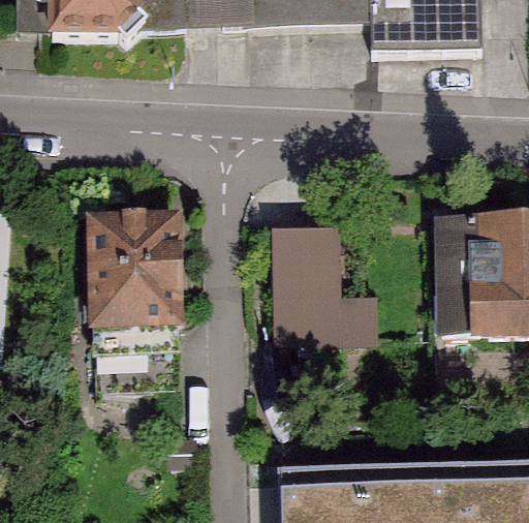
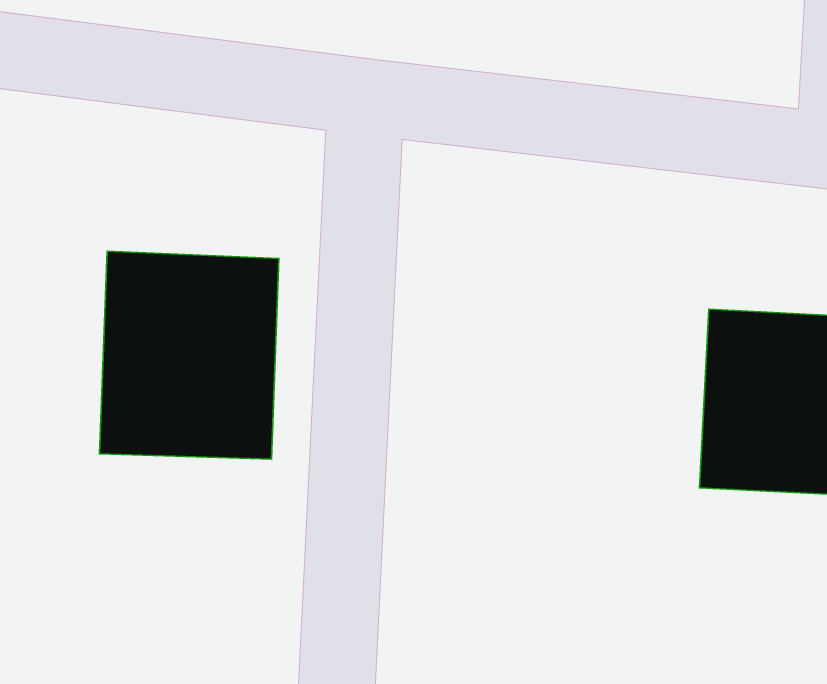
building: [269,234,366,349] -> none

